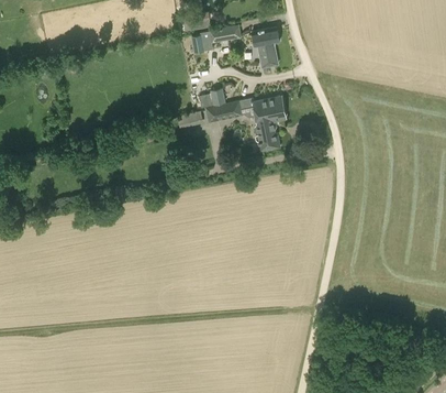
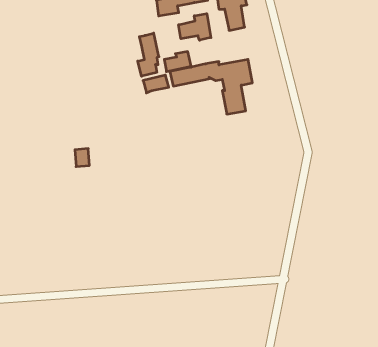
building: none -> [179,14,211,40]
building: none -> [138,33,159,76]

